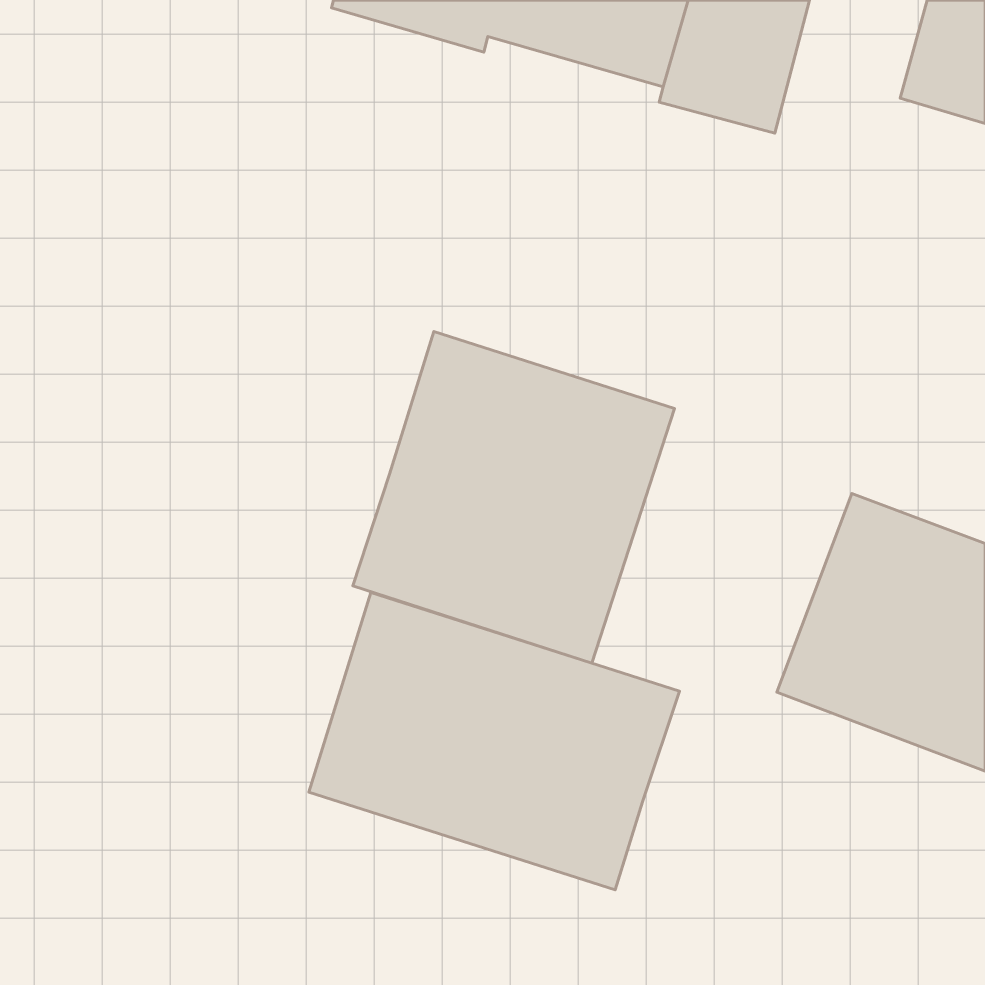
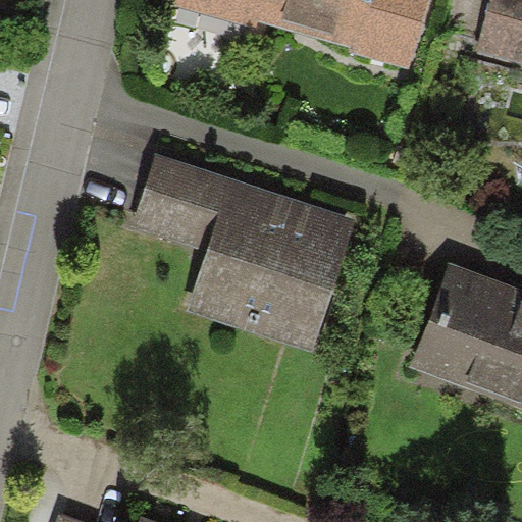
building: none -> [130,152,229,251]
building: [309,592,679,890] -> none

